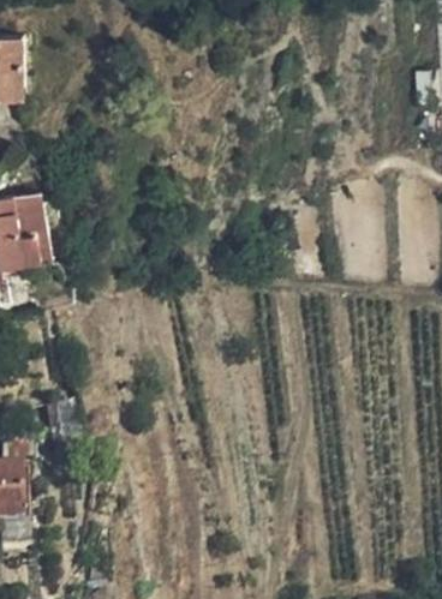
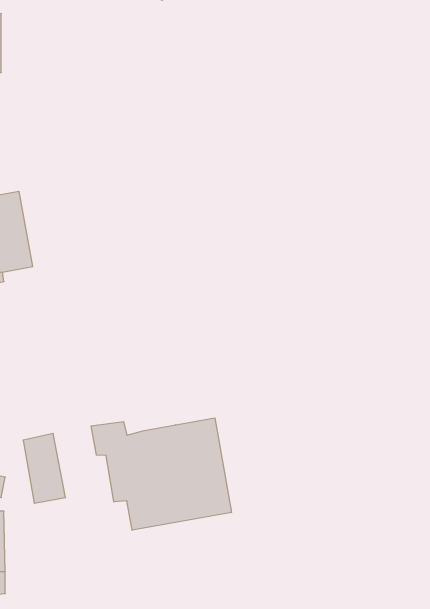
building: none -> [91,418,231,530]

